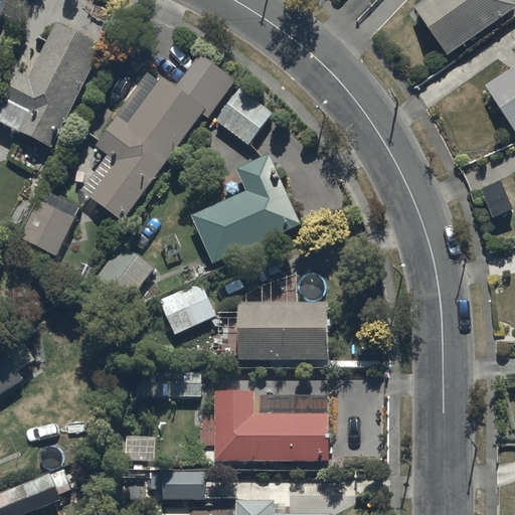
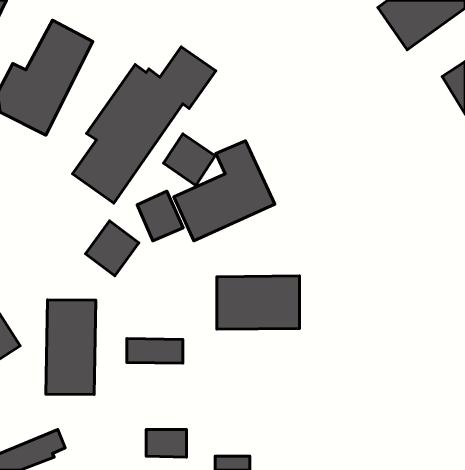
building: [214,89,271,145] -> [164,134,215,185]
building: [14,190,76,263] -> none
building: [165,276,215,330] -> [137,191,183,241]
building: none -> [46,300,96,394]
building: [194,389,329,461] -> none

